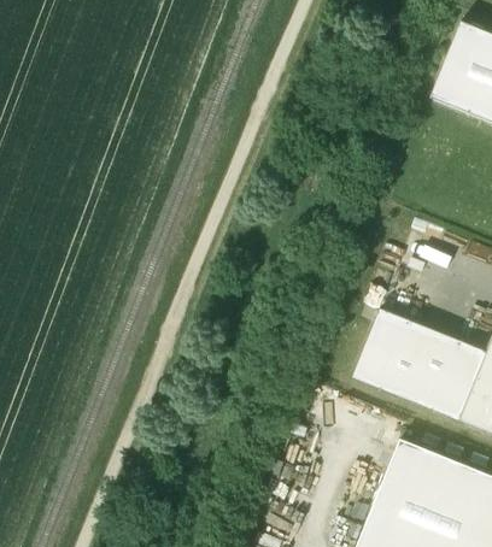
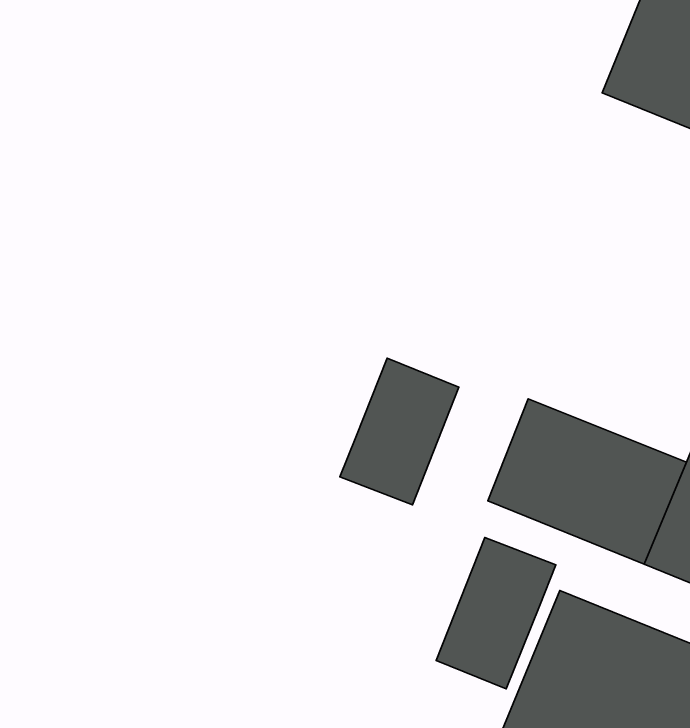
building: none -> [340,358,459,505]
building: none -> [436,537,556,689]

